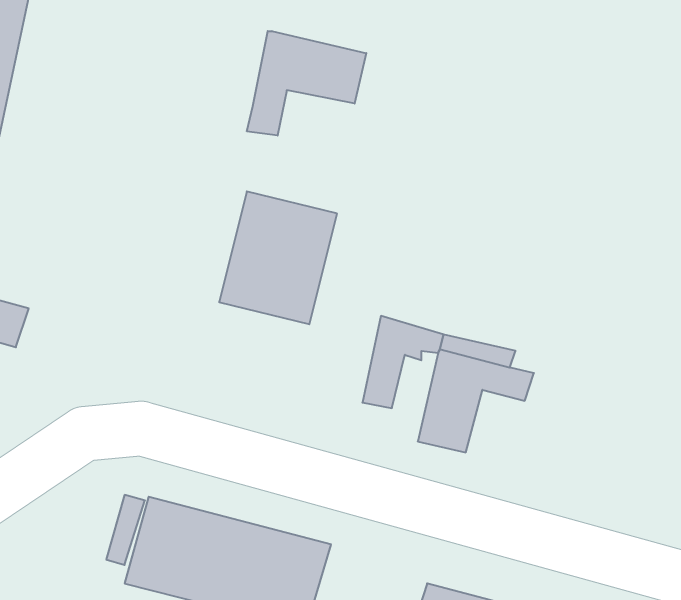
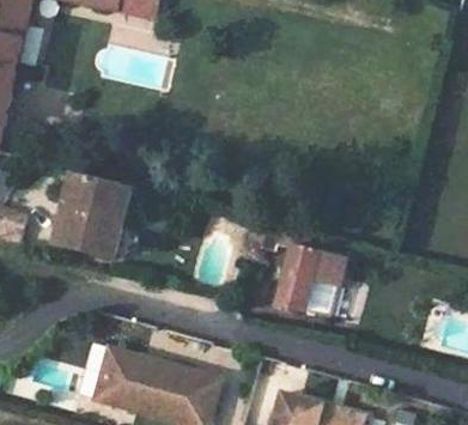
building: [247,31,366,136] -> none
building: [219,191,337,324] -> [56,174,133,260]

